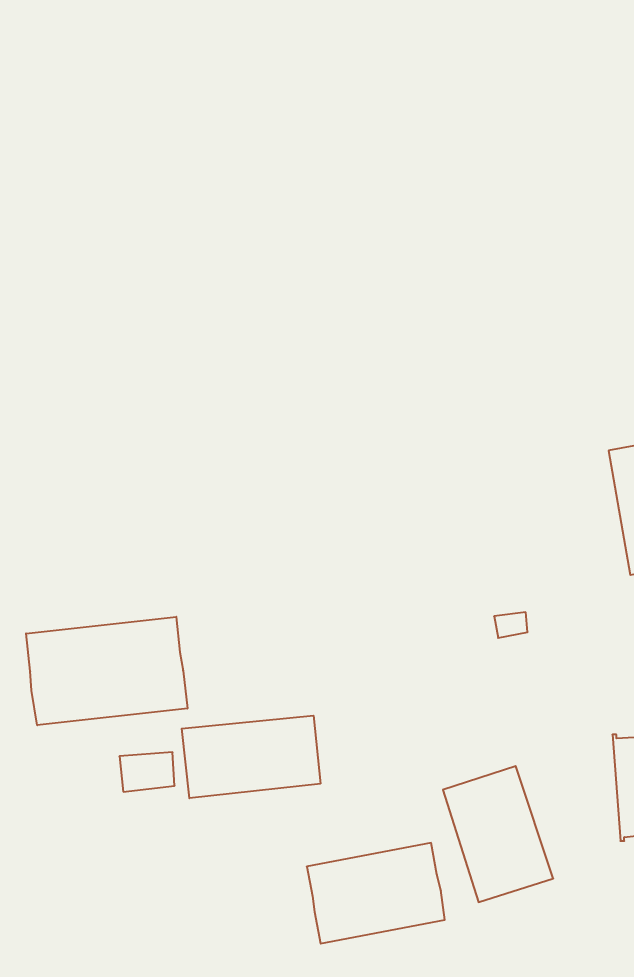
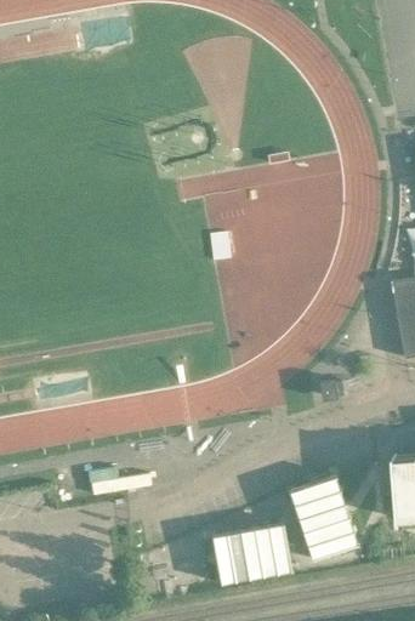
building: [26,617,187,725] -> none
building: [182,716,320,798] -> none

